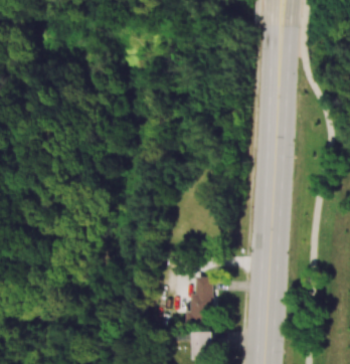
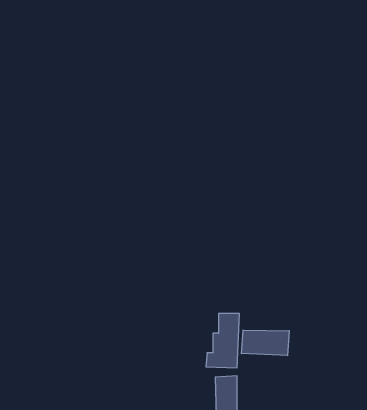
building: none -> [241,330,289,356]

